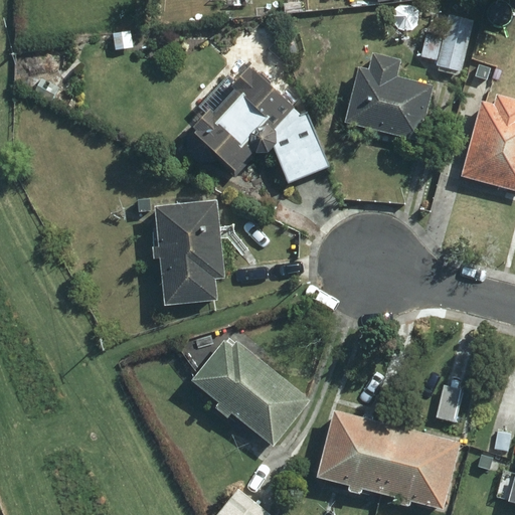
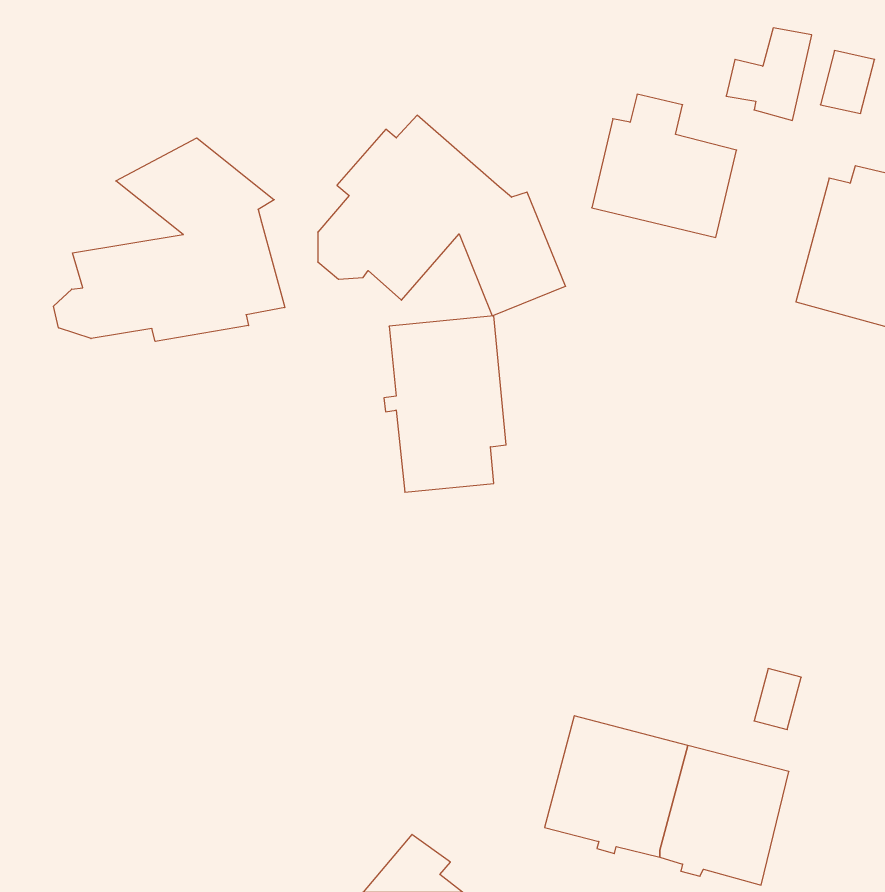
building: none -> [54,138,285,341]
building: [151,201,221,303] -> [384,316,506,492]
building: [191,341,306,444] -> none

